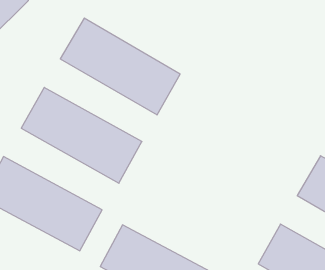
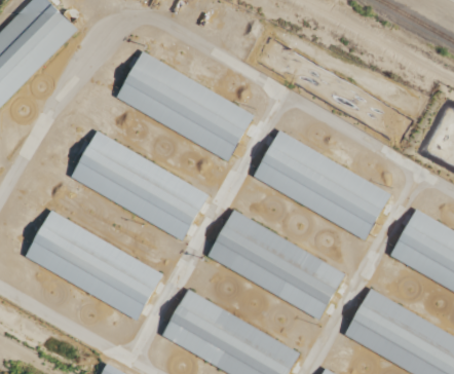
building: none -> [253,128,391,240]
building: none -> [206,208,346,320]

